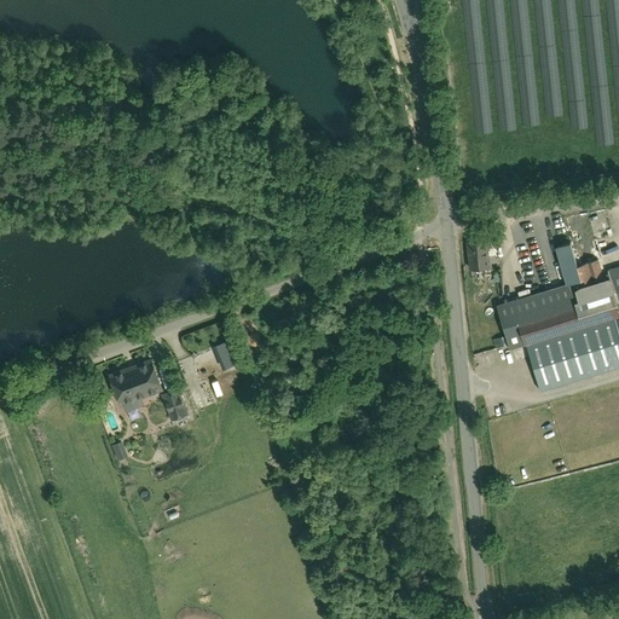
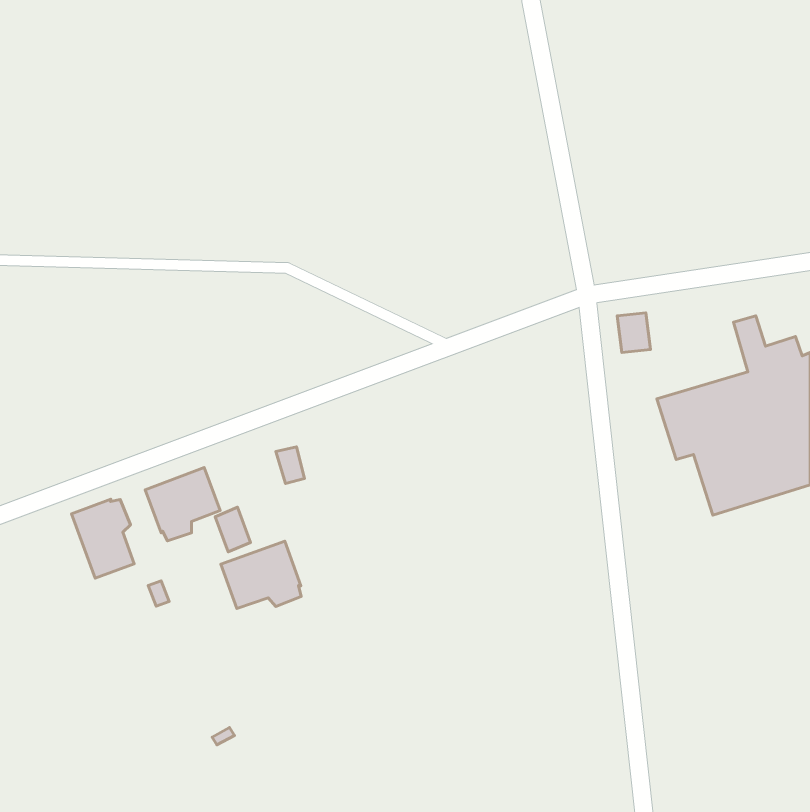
building: none -> [72,499,134,578]
building: none -> [221,541,301,609]

